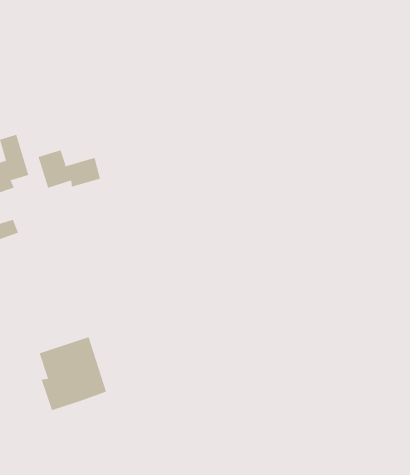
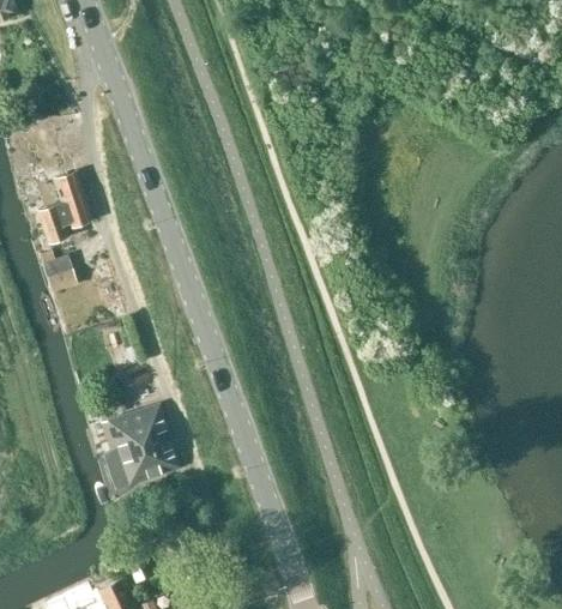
building: [38,149,100,189] -> none

